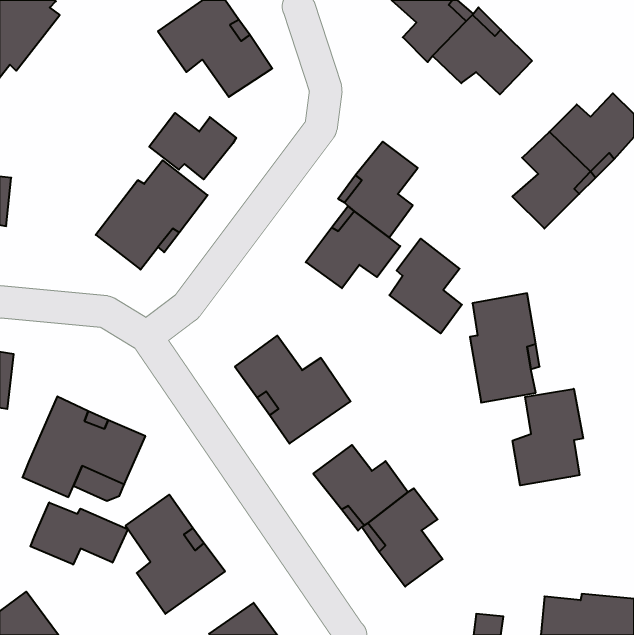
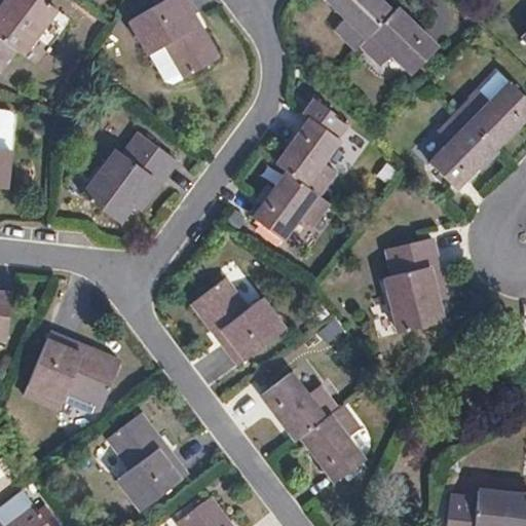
building: [149,113,236,179] -> none
building: [389,239,462,333] -> none
building: [513,389,583,485] -> none
building: [30,502,128,565] -> none

